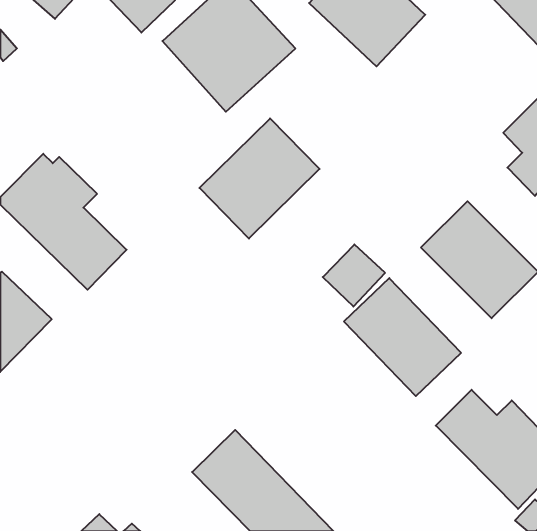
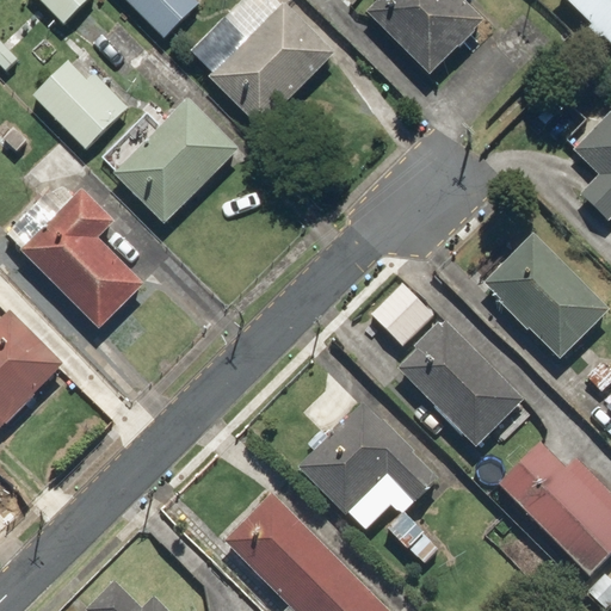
building: none -> [31,49,129,147]
building: [199,118,320,239] -> [107,91,243,227]
building: none -> [294,401,443,564]

